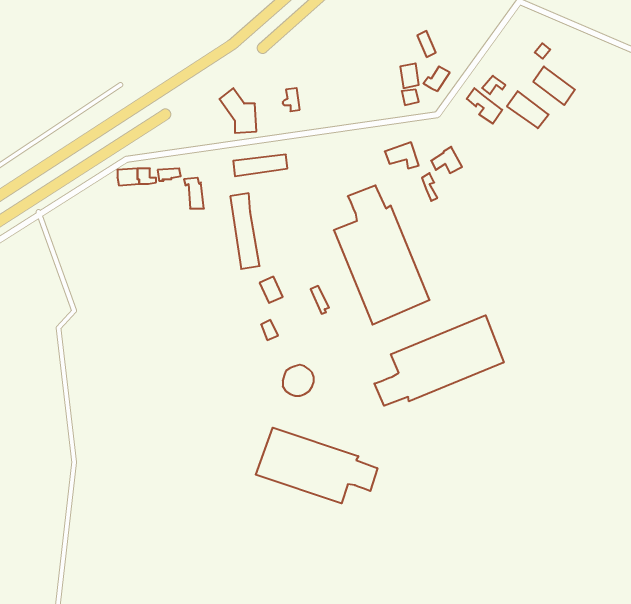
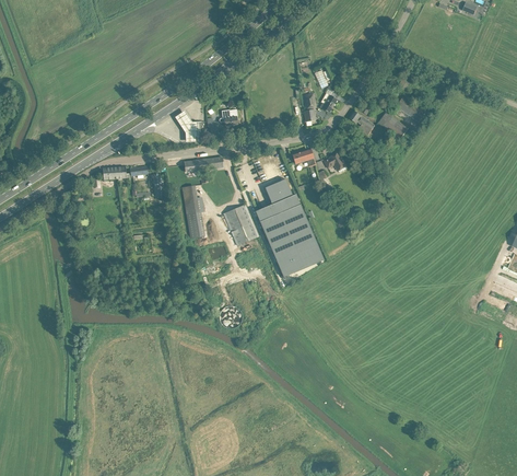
building: none -> [224,204,259,244]
building: [374,315,504,406] -> none
building: [256,428,377,503] -> none

